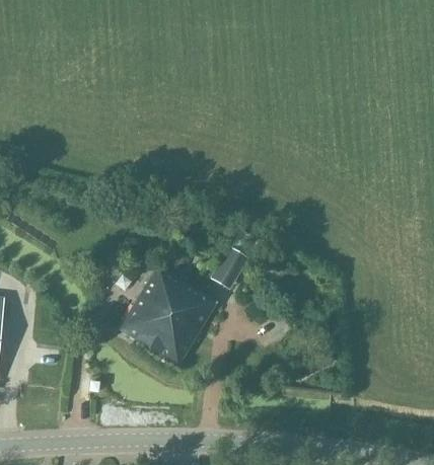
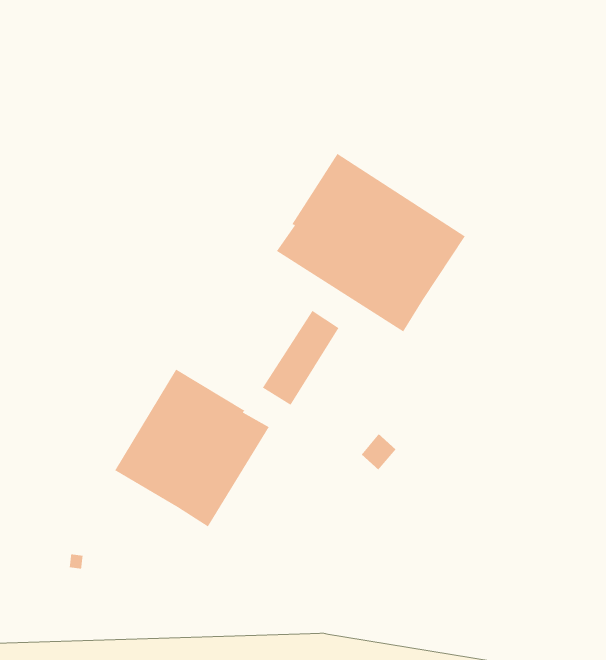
building: none -> [276,153,466,333]

